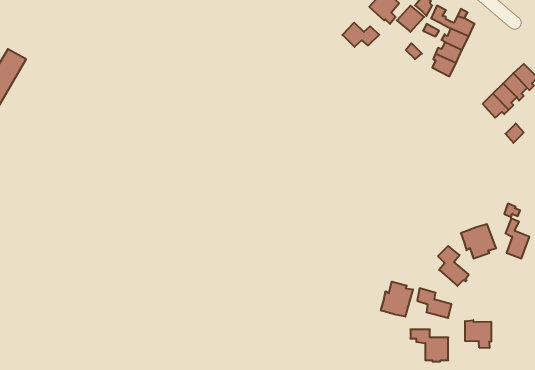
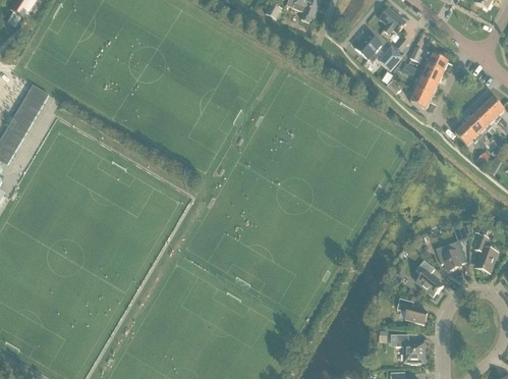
building: [342,23,379,47] -> none
building: [381,282,413,317] -> none
building: [465,320,491,348] -> none

